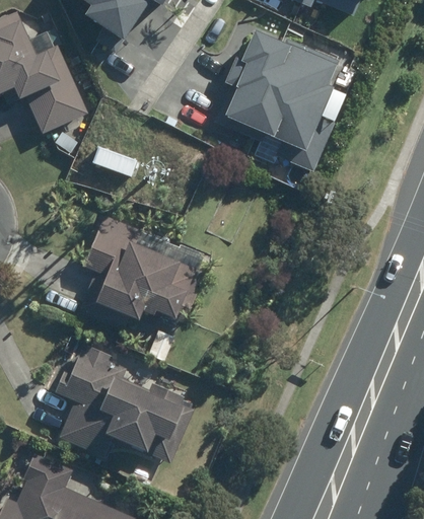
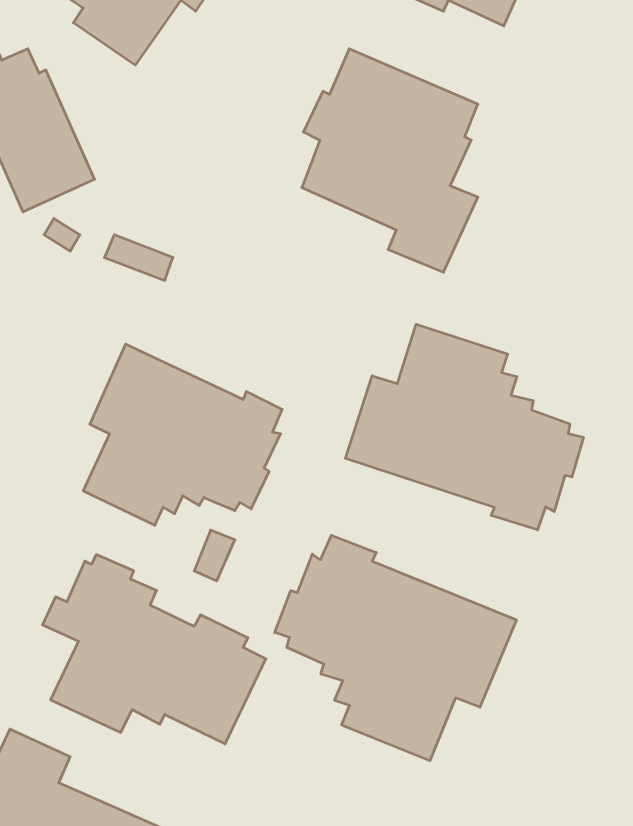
building: none -> [345,324,583,530]
building: none -> [275,535,516,761]

